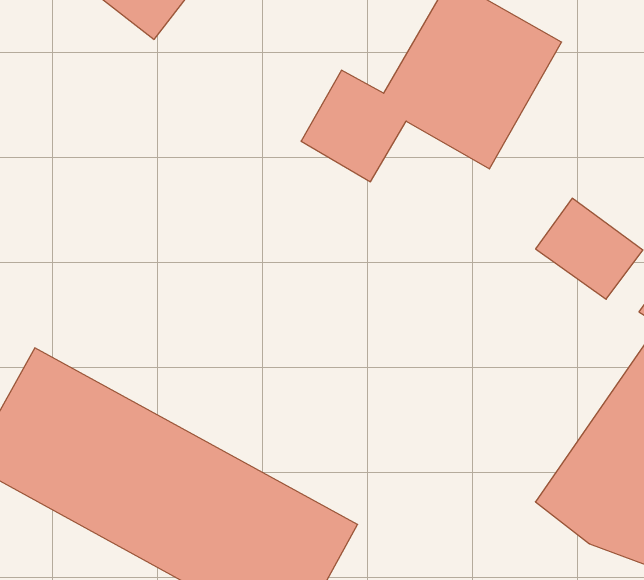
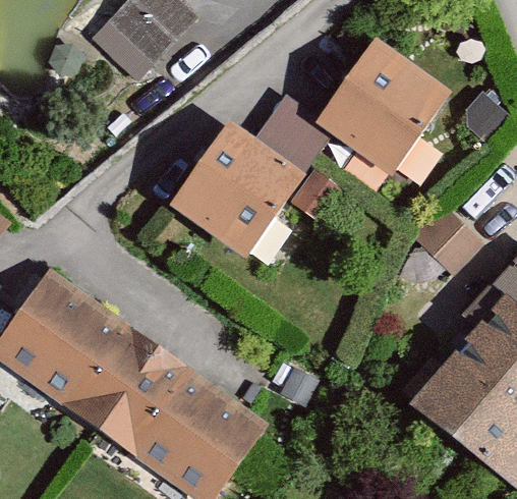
building: none -> [168,124,301,261]

